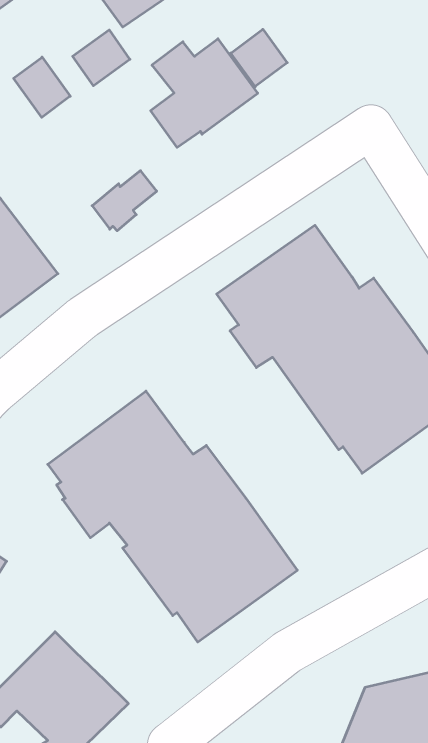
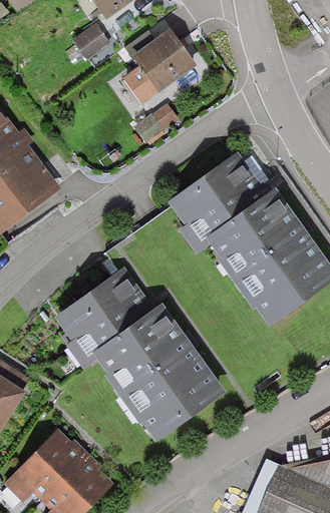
building: [231,29,287,87] -> none
building: [14,57,70,117] -> none
building: [92,171,157,231] -> [133,102,178,143]

